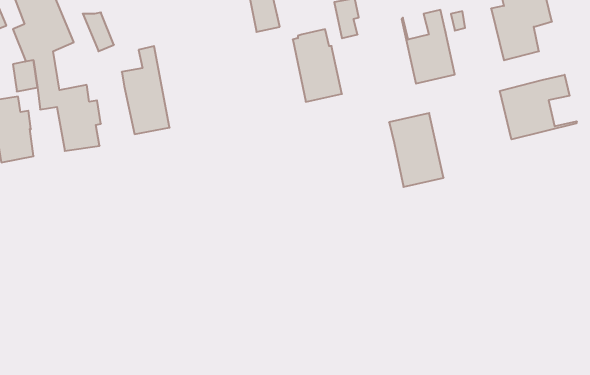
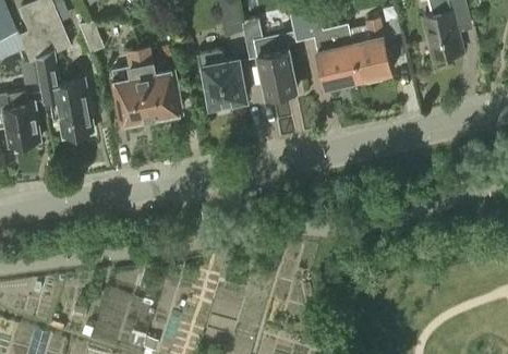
building: none -> [138,48,180,119]
building: none -> [196,50,246,108]
building: [500,75,577,139] -> none
building: [389,113,444,187] -> [313,27,359,89]

